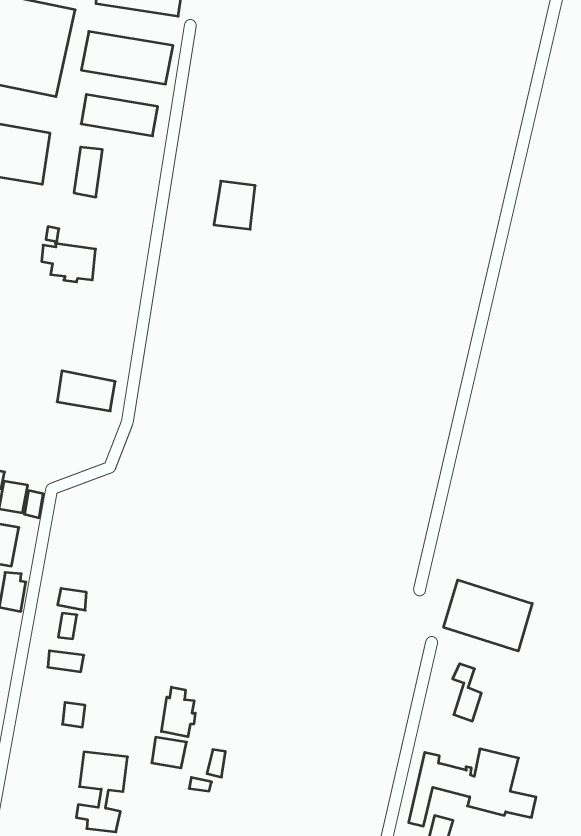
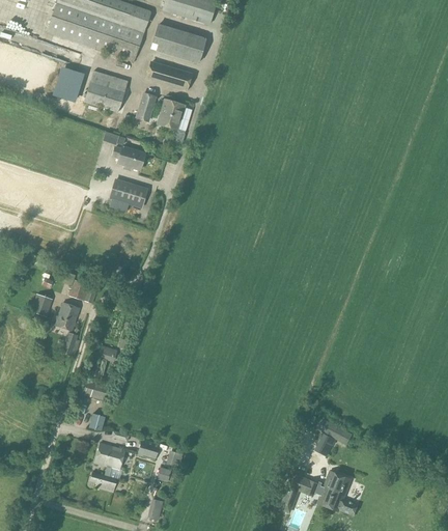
building: [214,181,255,229] -> [158,99,185,129]
building: [57,371,115,411] -> [111,178,146,205]
building: [444,580,532,651] -> none
building: [161,687,195,737] -> none

